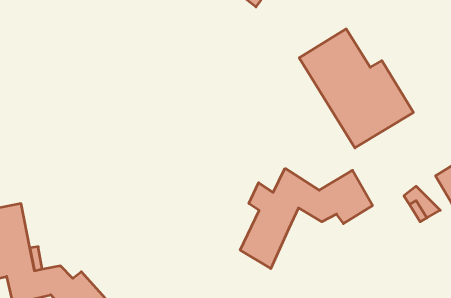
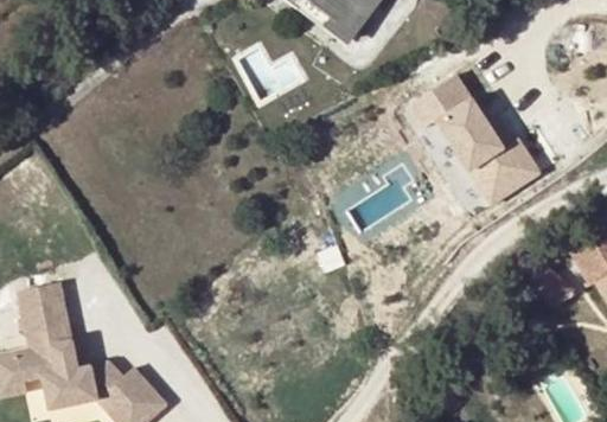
building: [240,169,372,269] -> none

